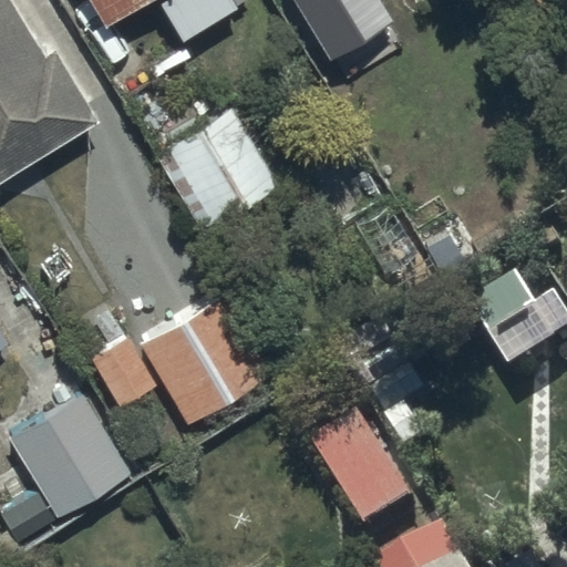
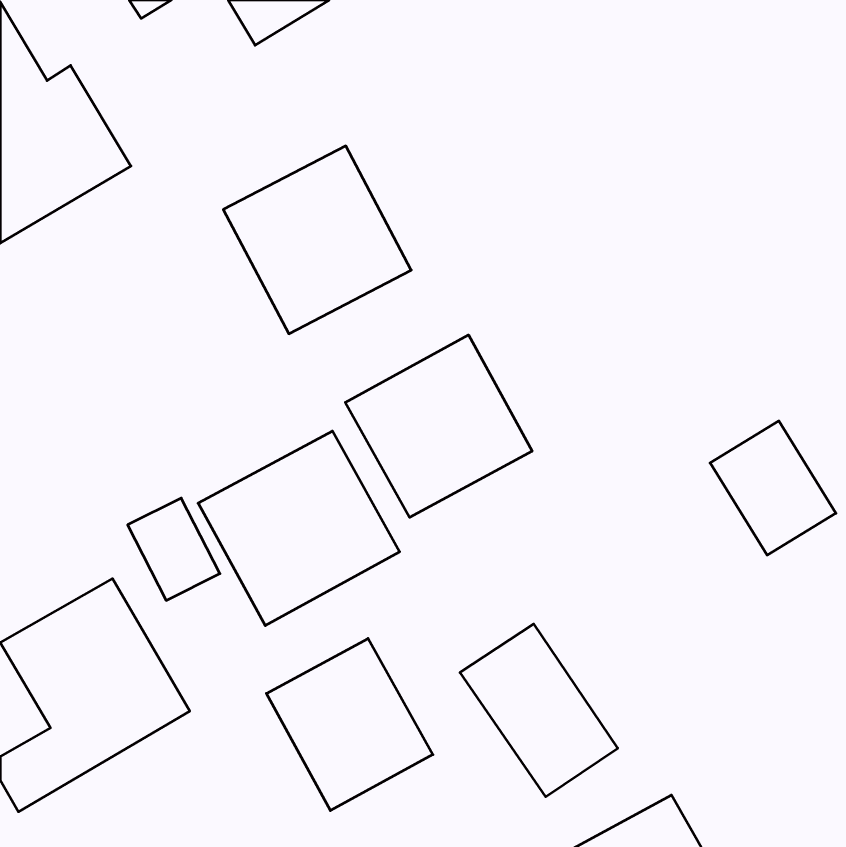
building: none -> [345,335,532,517]
building: none -> [266,638,433,811]

